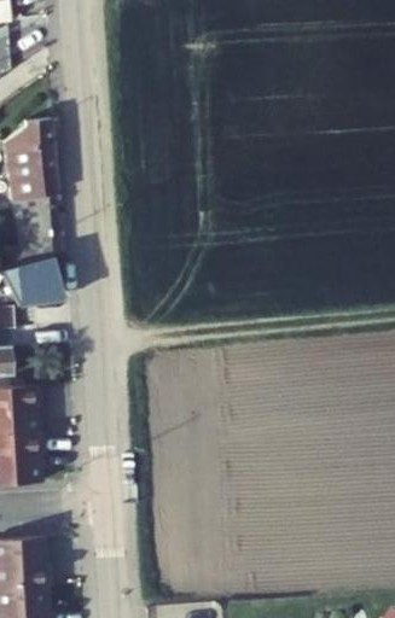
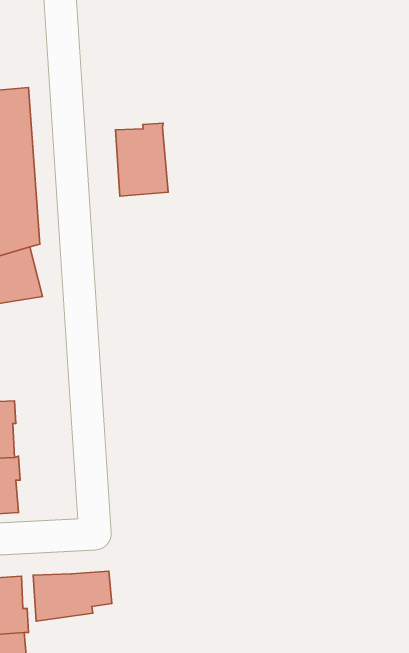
building: none -> [115,123,168,196]
building: none -> [33,571,112,621]

